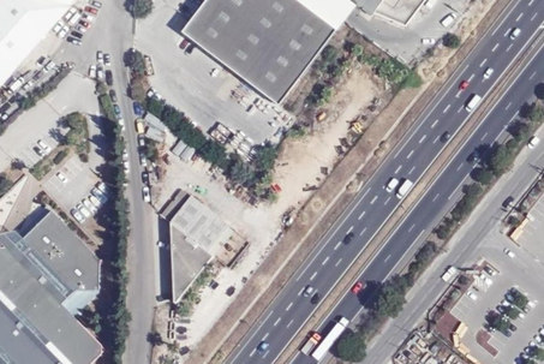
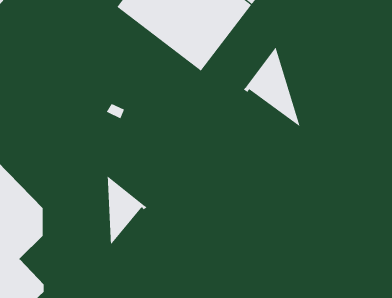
building: none -> [243,46,300,126]
building: [161,190,232,256] -> none

